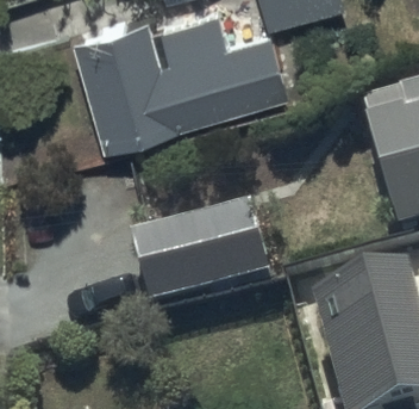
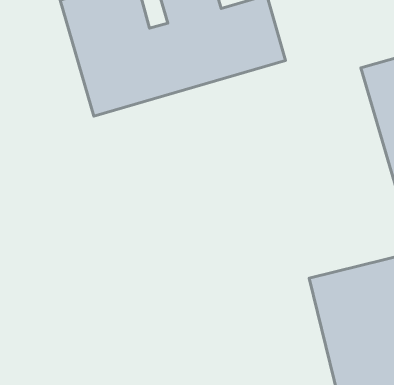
building: [132,203,271,308] -> none

